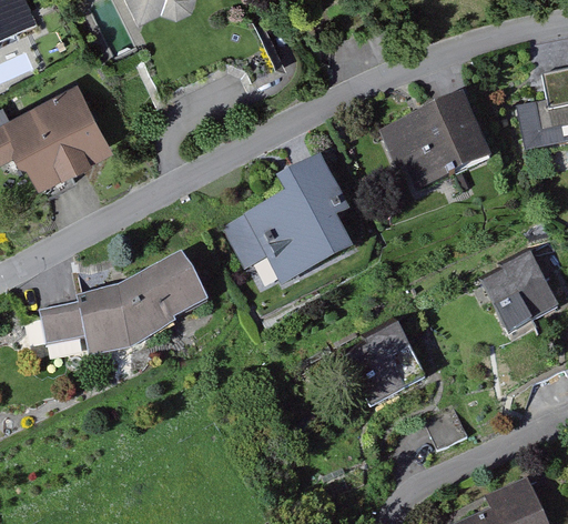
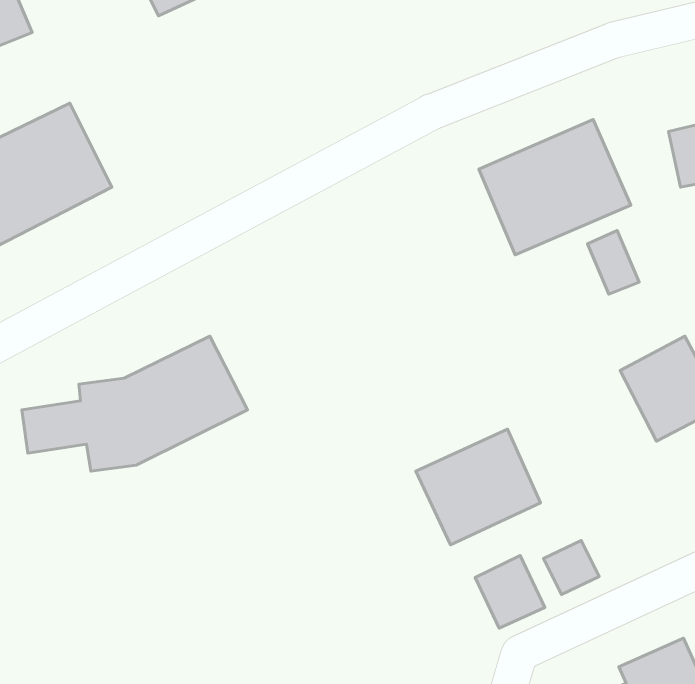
building: [222,155,349,285] -> none
building: none -> [588,231,639,294]
building: none -> [475,556,545,628]

